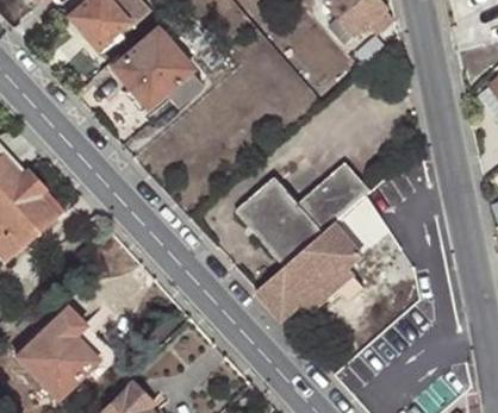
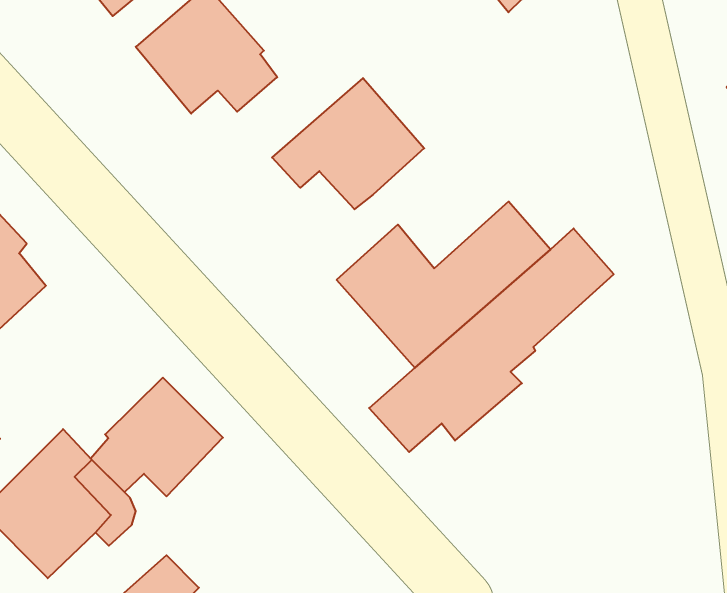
building: none -> [272,78,424,209]
building: none -> [91,378,223,496]

